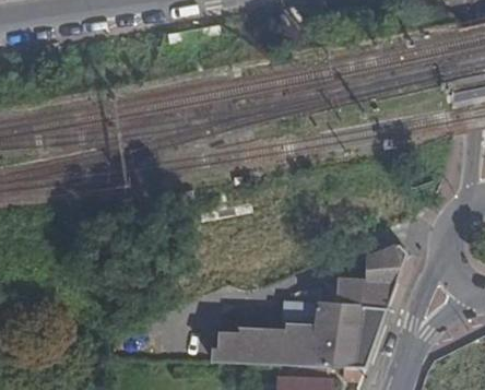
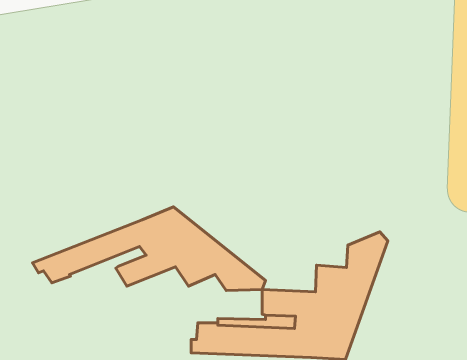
building: none -> [32,207,265,290]

